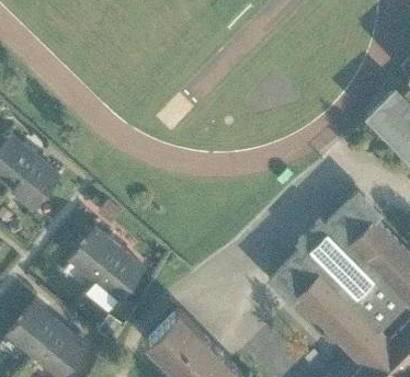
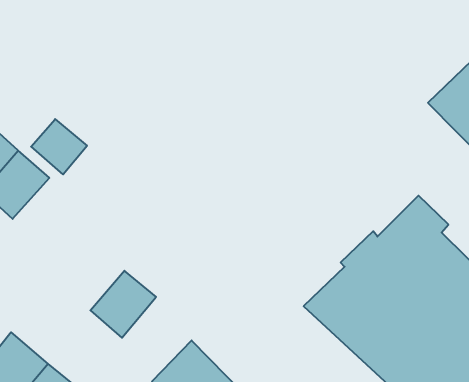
building: none -> [31,119,87,174]
building: [68,232,122,286] -> none

